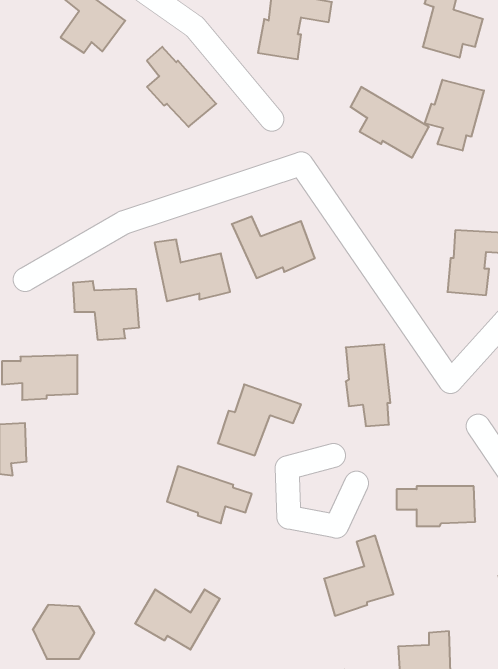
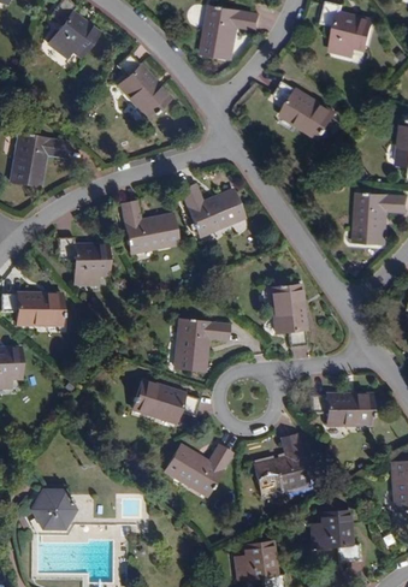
building: [425,80,484,151] -> none
building: none -> [8,137,67,186]
building: [135,589,220,650] -> [165,443,231,490]

